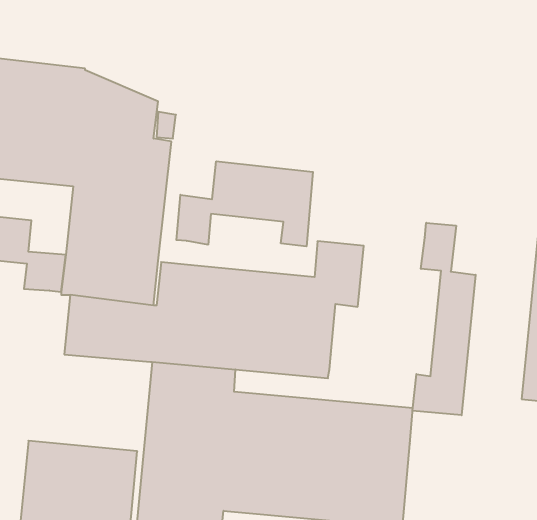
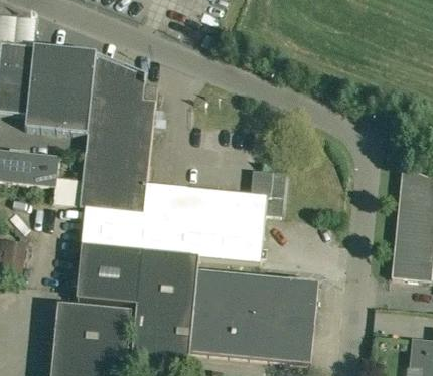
building: [176,161,313,246] -> none
building: [413,223,476,415] -> none
building: none -> [77,246,140,305]

